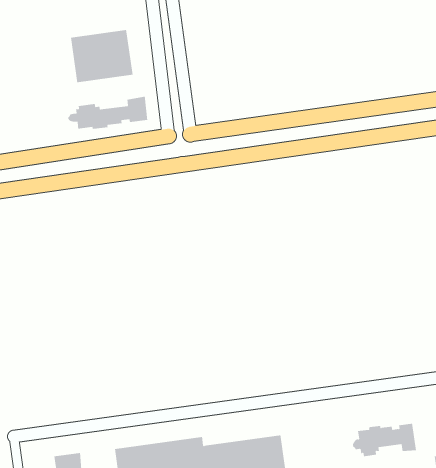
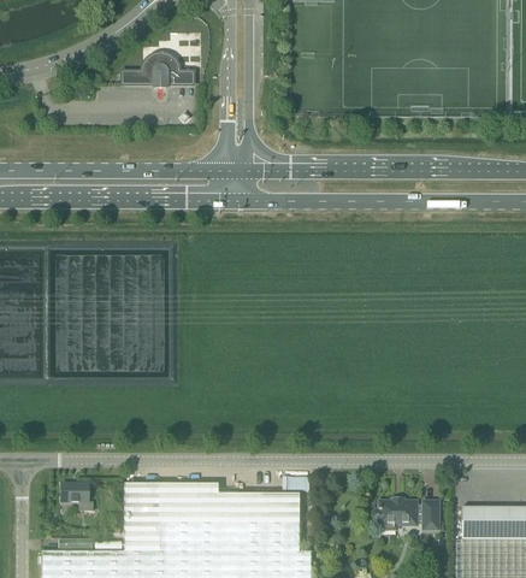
building: [68,96,148,130] -> none

